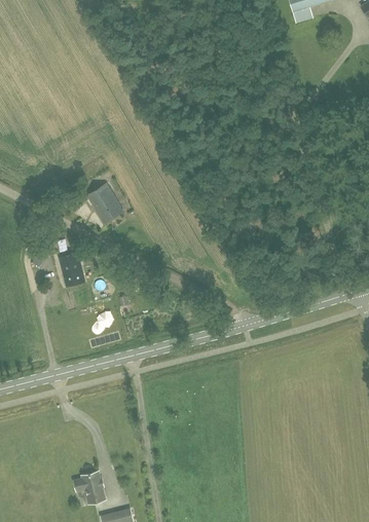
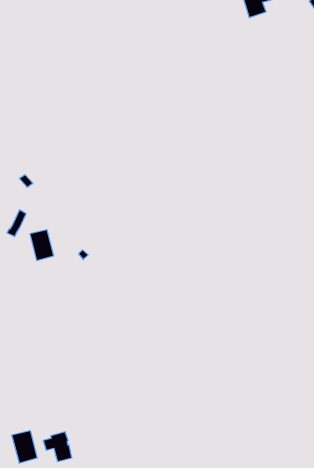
building: [86,183,123,223] -> none
building: none -> [12,431,37,463]

